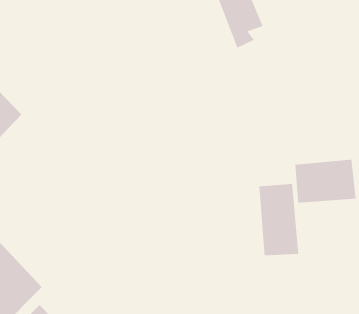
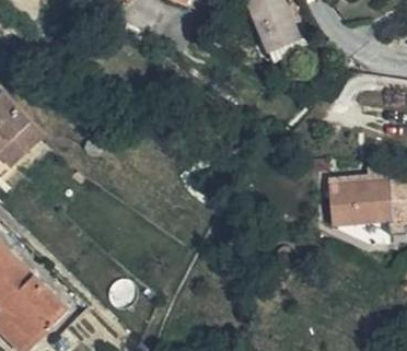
building: [259,183,299,256] -> none

